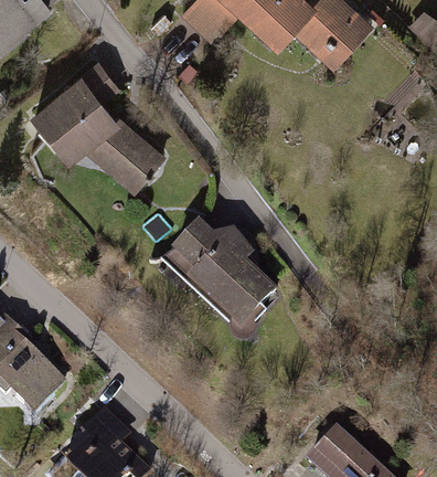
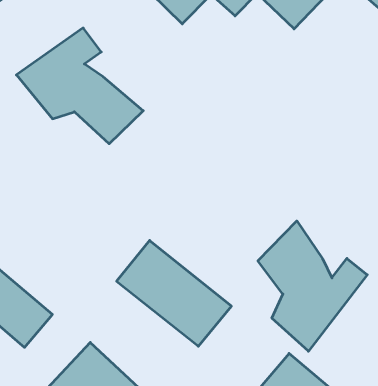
building: [159,215,286,332] -> [117,240,231,346]
building: none -> [258,221,367,351]

